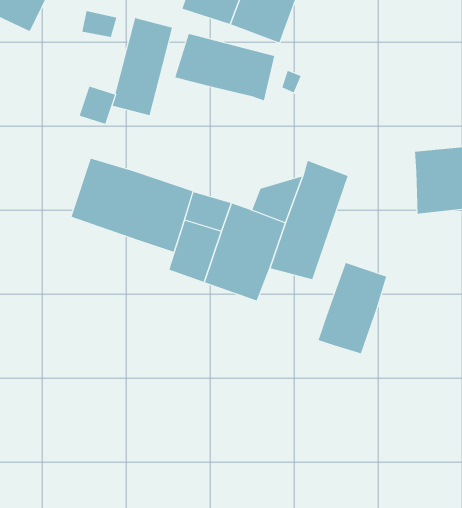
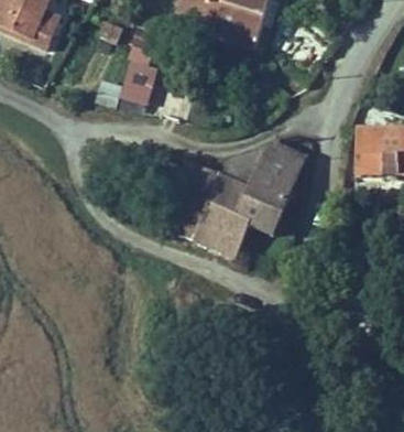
building: [175,33,275,101] -> none
building: [71,158,193,252] -> none
building: [318,262,387,354] -> none

